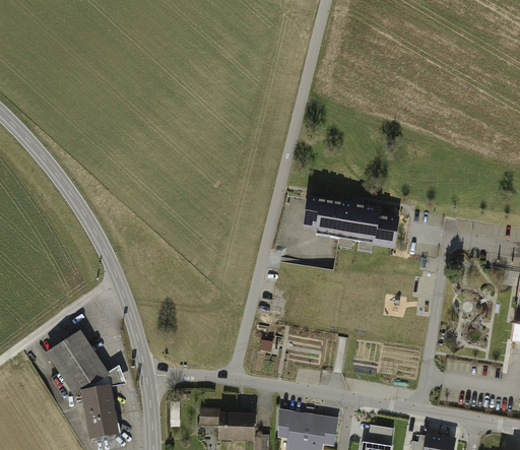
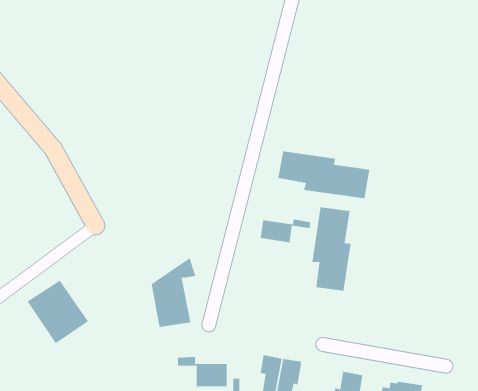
building: none -> [312,206,351,291]
building: none -> [260,218,311,243]
building: [78,366,125,438] -> [151,257,196,327]

